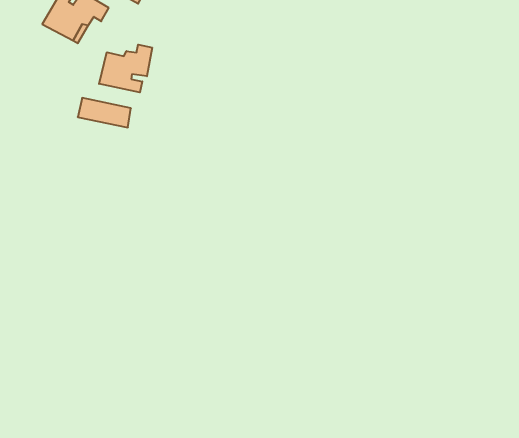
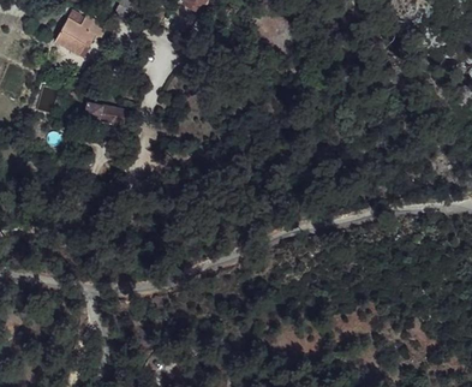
building: [99,45,152,92] -> none

